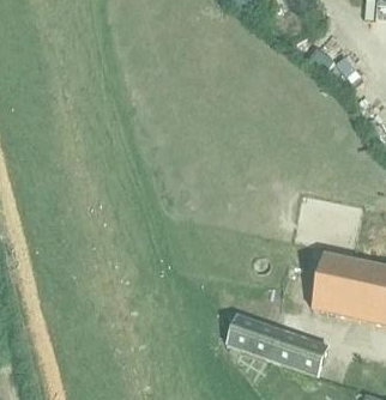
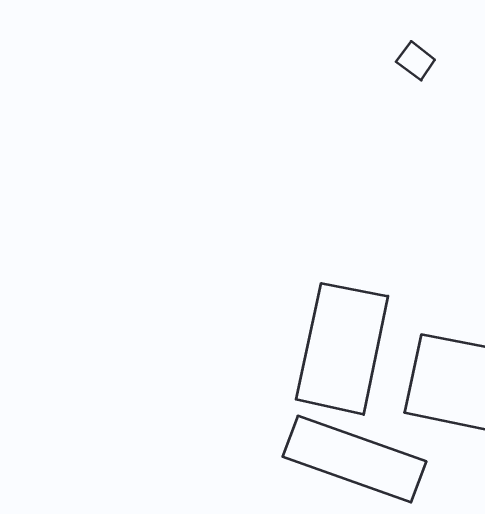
building: none -> [296,283,388,415]

